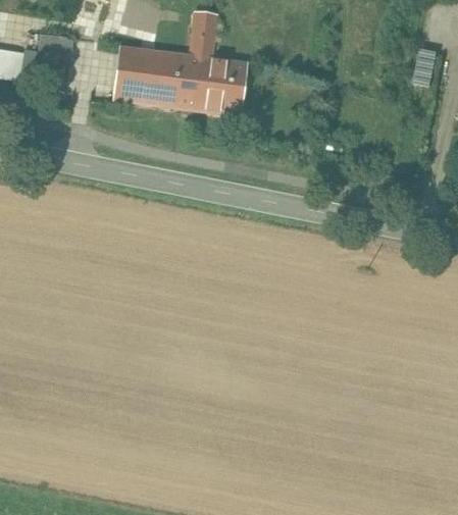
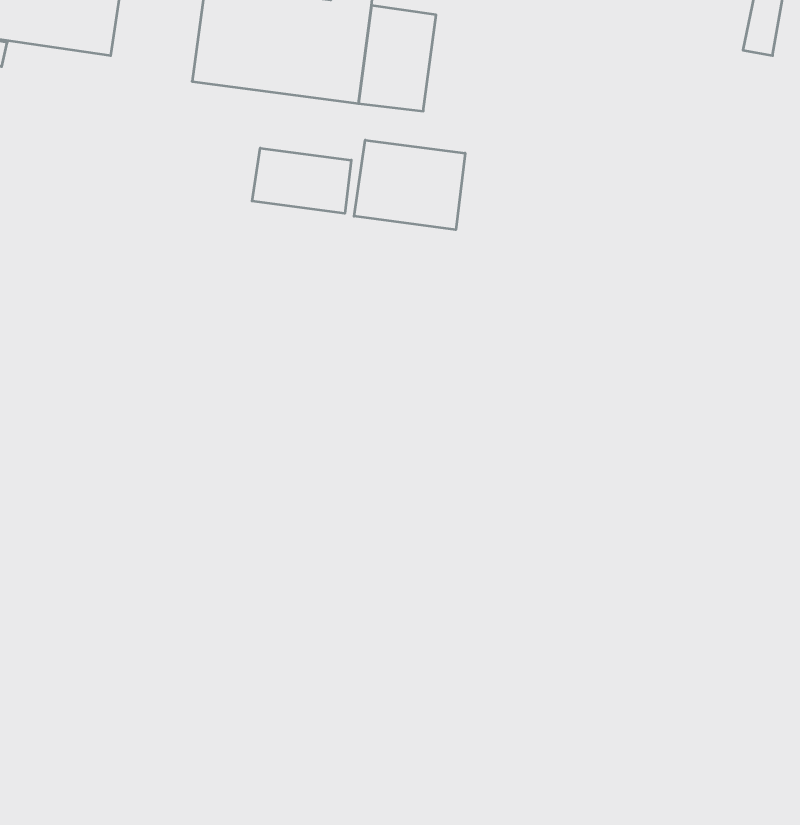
building: none -> [354,140,465,230]
building: none -> [252,148,351,213]

